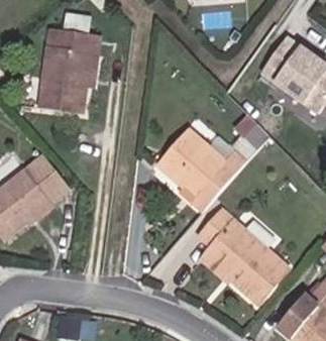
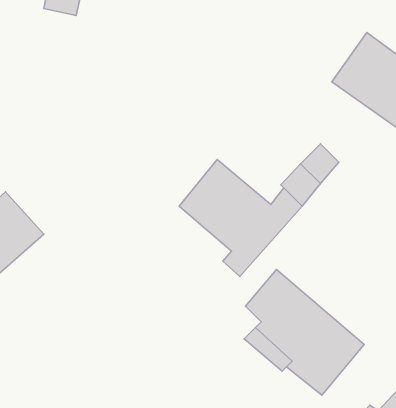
building: [39,27,95,111] -> none

